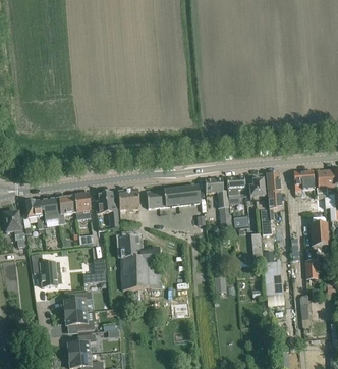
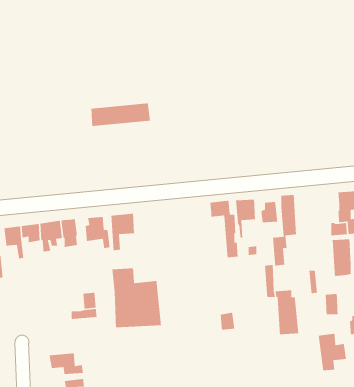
building: [292,169,314,190] -> none
building: [146,186,199,207] -> [90,102,151,127]
building: [30,254,60,286] -> none
building: [62,291,91,313] -> none

